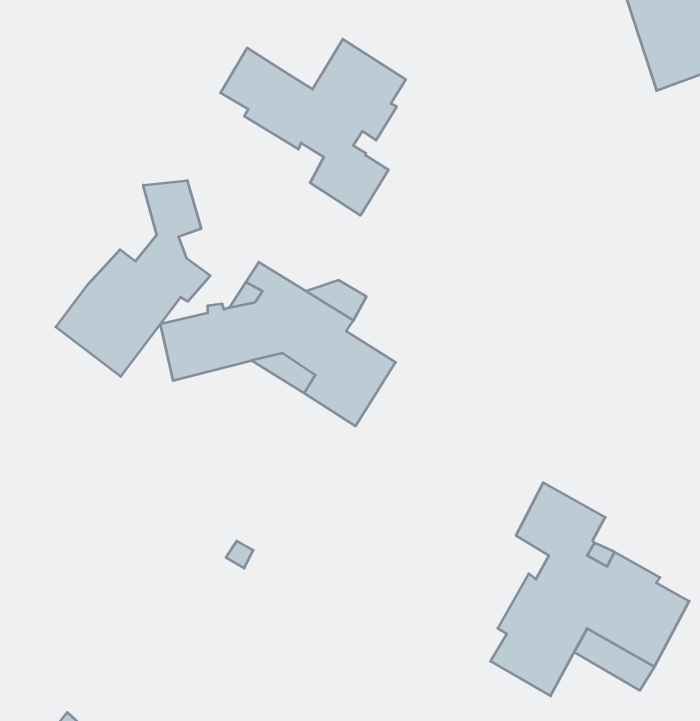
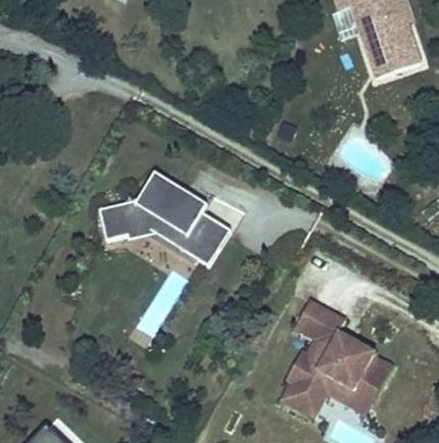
building: [220,39,406,215] -> none
building: [56,180,210,377] -> none

